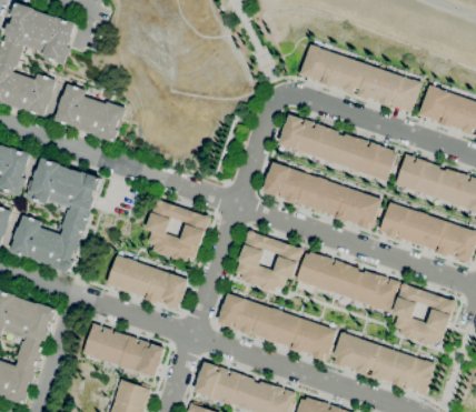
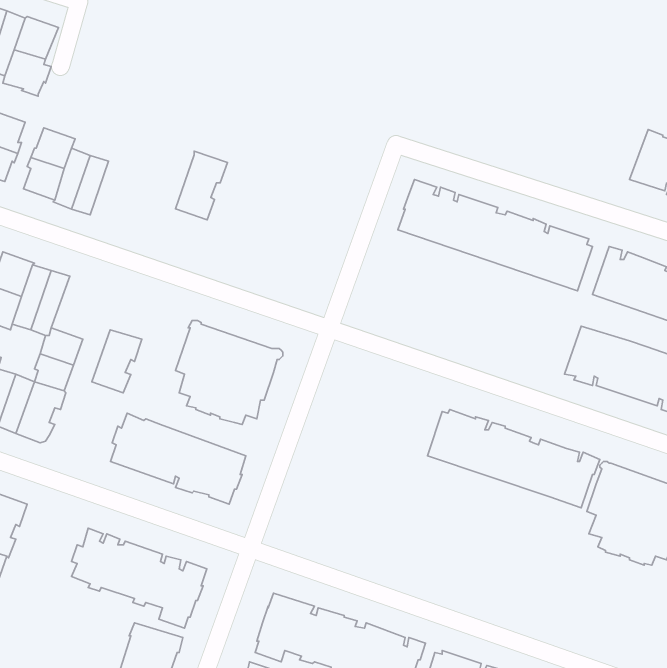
building: [300,43,422,113] -> none
building: [95,101,126,142] -> [176,151,227,220]
building: [262,162,381,229] -> none
building: [71,172,101,210] -> [92,330,142,393]
building: [236,230,303,291] -> none
building: [218,293,337,360] -> none
building: [333,332,435,394] -> none

